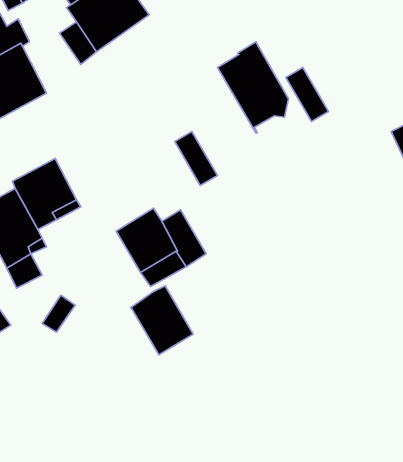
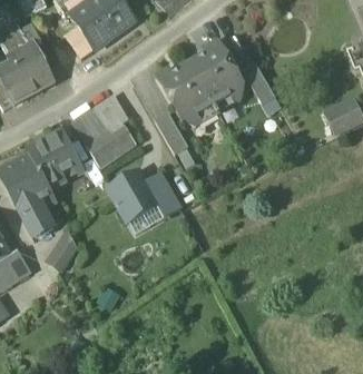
building: none -> [156,61,218,126]
building: none -> [71,94,136,167]
building: [130,286,193,355] -> none

